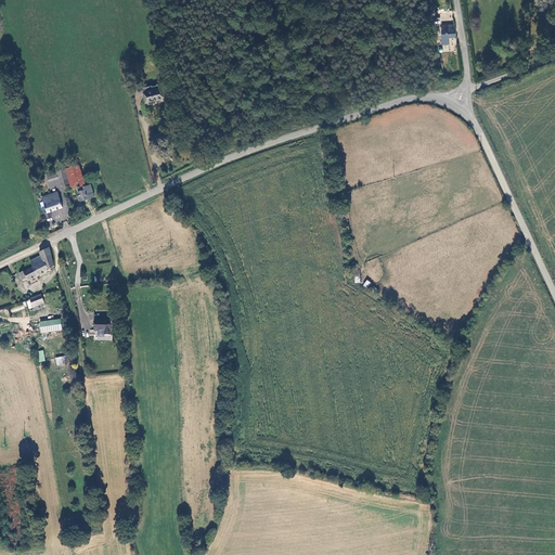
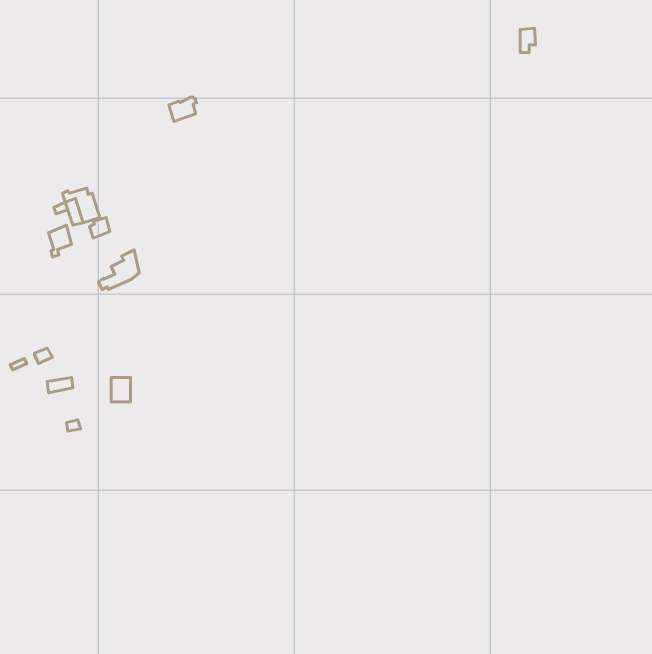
building: [18,247,53,281] -> [98,250,139,290]

